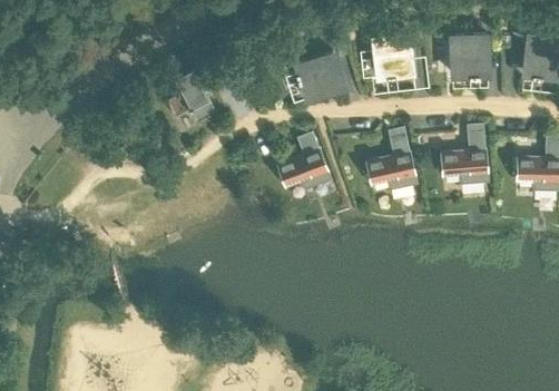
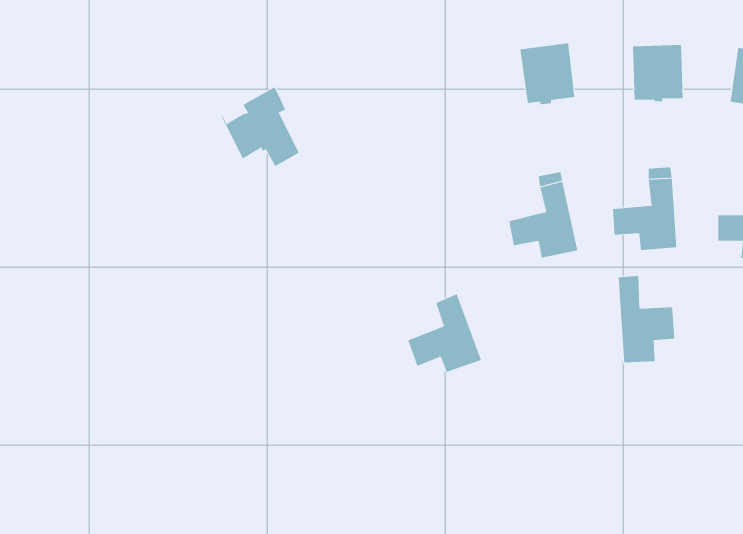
building: [296,52,344,98] -> none
building: [277,130,331,187] -> [408,294,482,373]
building: none -> [618,275,675,363]

